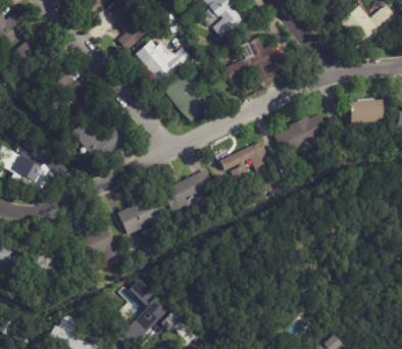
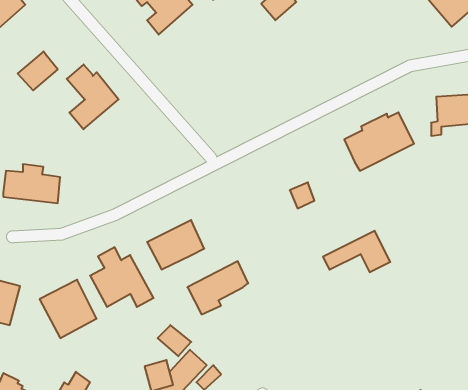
building: [133,35,182,82] -> none
building: [223,35,275,81] -> none
building: [9,38,43,70] -> none
building: [162,71,214,119] -> none
building: [73,113,127,162] -> none
building: [216,138,269,170] -> [323,231,390,272]
building: [165,170,213,212] -> [187,261,248,314]

